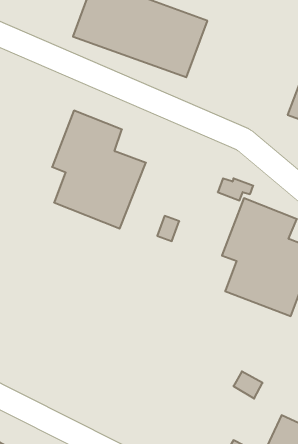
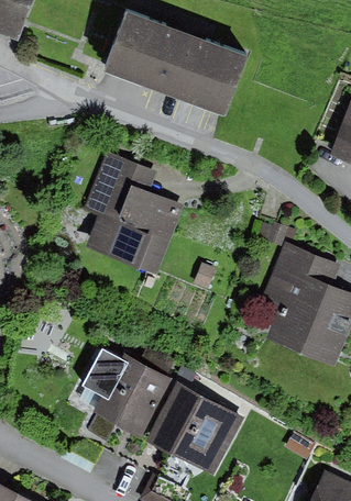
building: none -> [80,343,176,437]
building: none -> [147,382,244,475]

